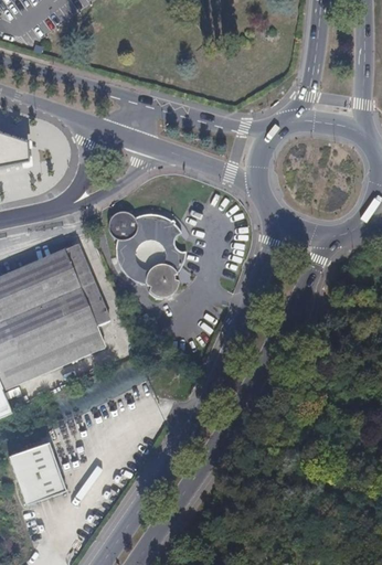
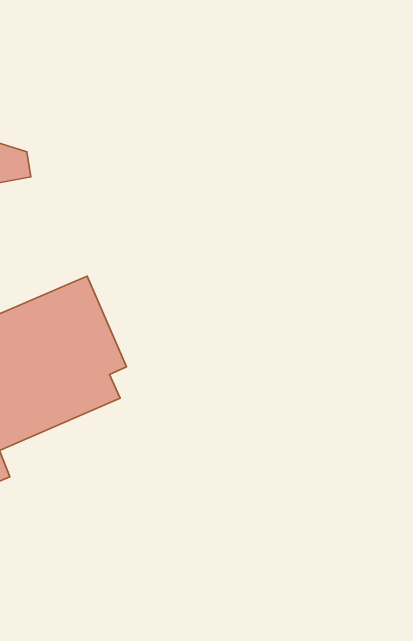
building: [100,203,192,302] -> none
building: [8,441,65,505] -> none

